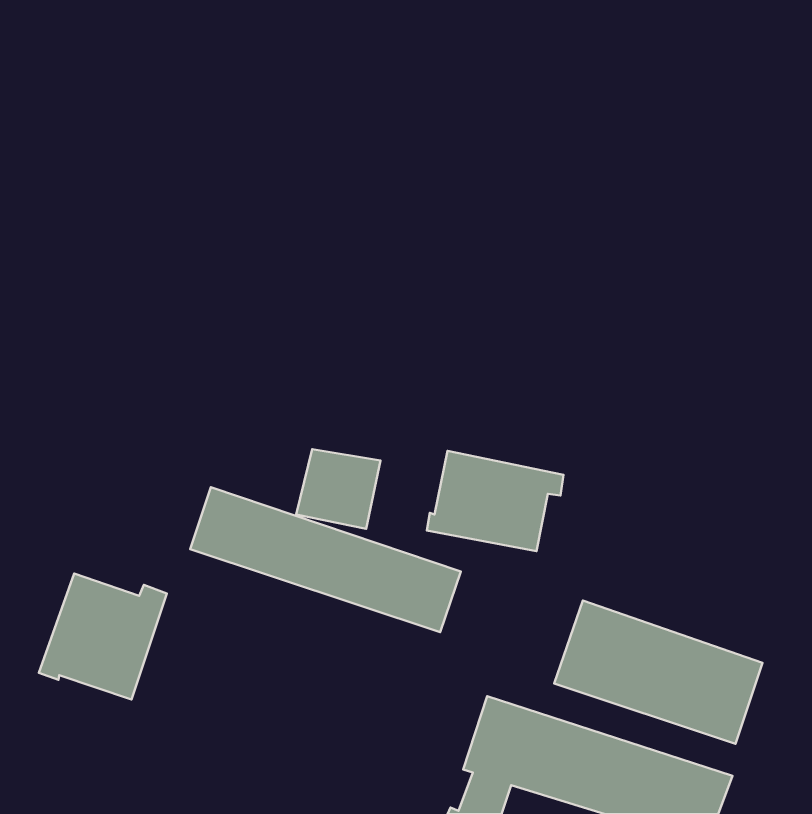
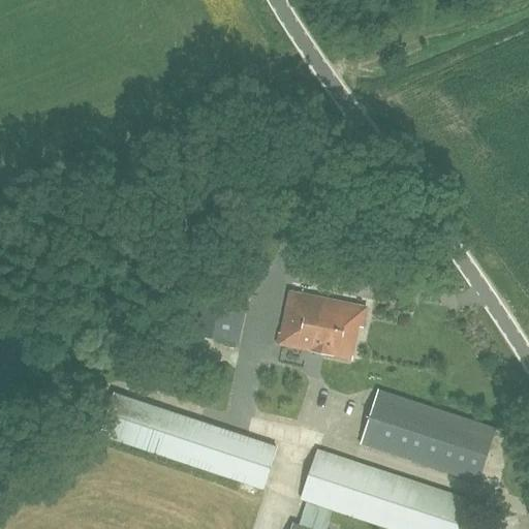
building: [190,487,461,632] -> [101,394,277,488]
building: [39,573,167,699] -> none

